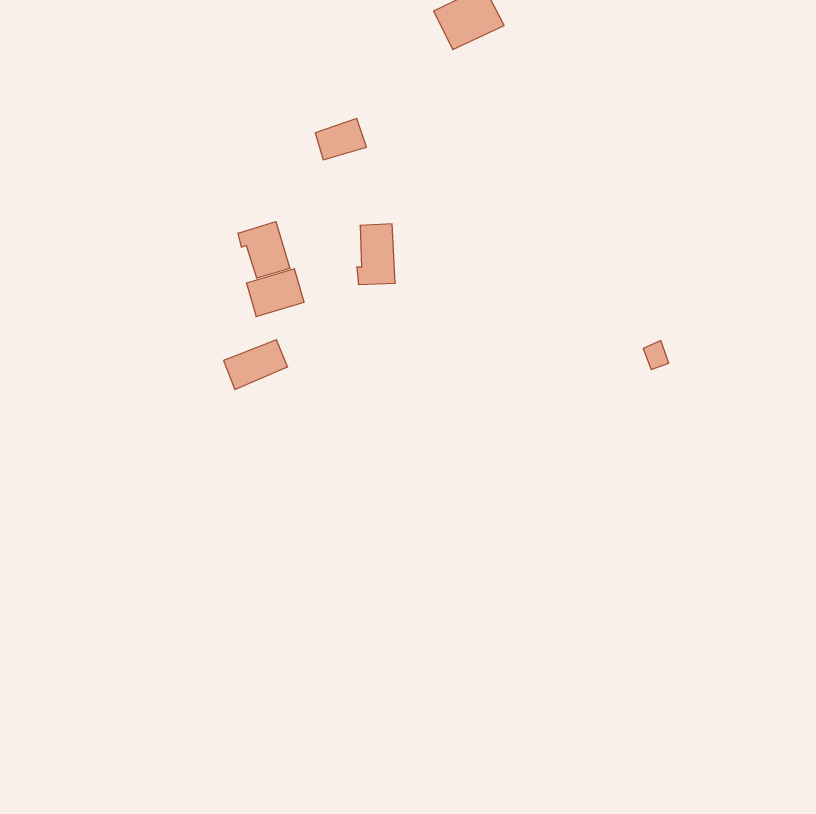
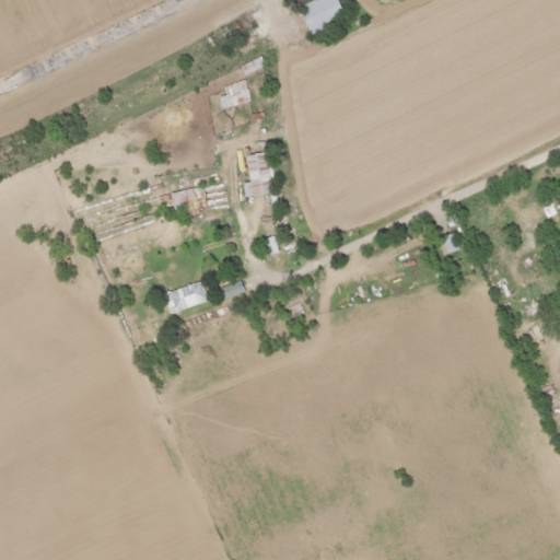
building: [238,222,290,278] -> none
building: [224,340,288,389] -> [164,280,208,314]

